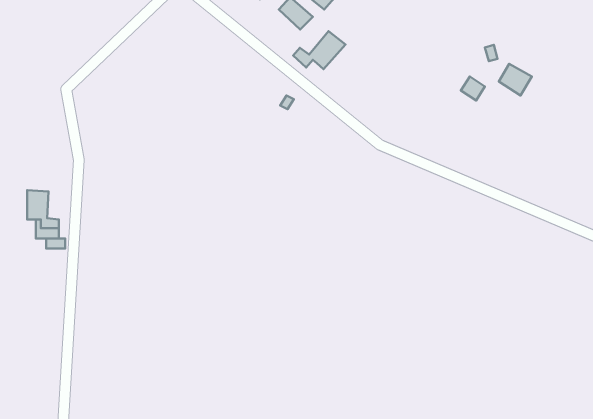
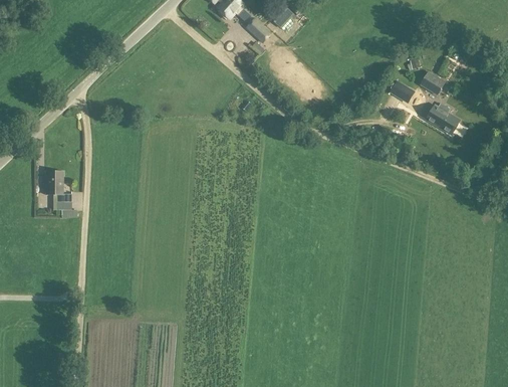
building: [293,31,345,69] -> none
building: none -> [426,104,459,133]

